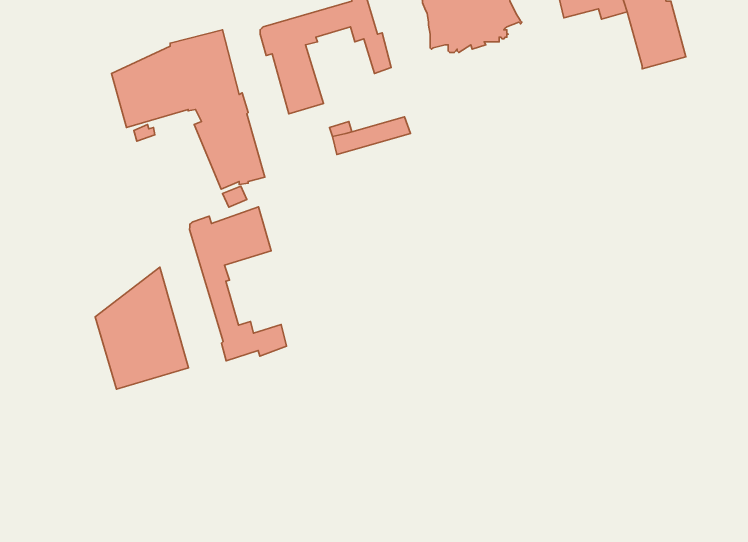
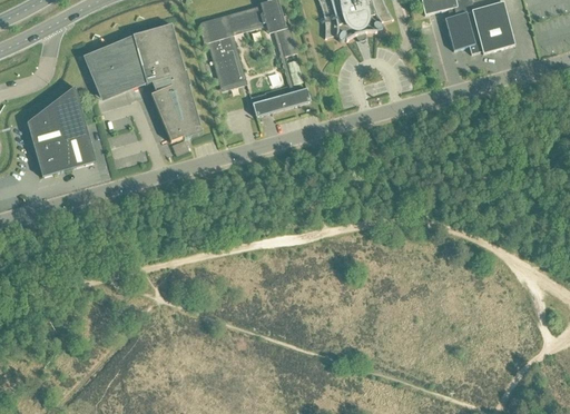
building: none -> [444,10,482,53]
building: [190,207,287,361] -> none
building: [95,267,189,389] -> [27,86,96,176]

